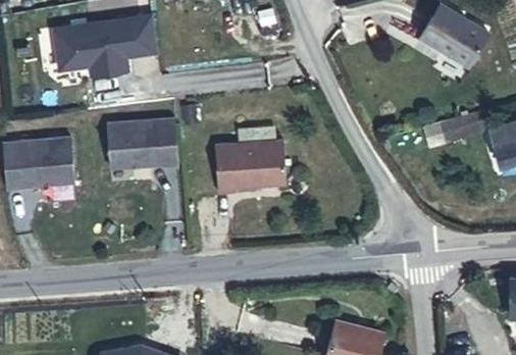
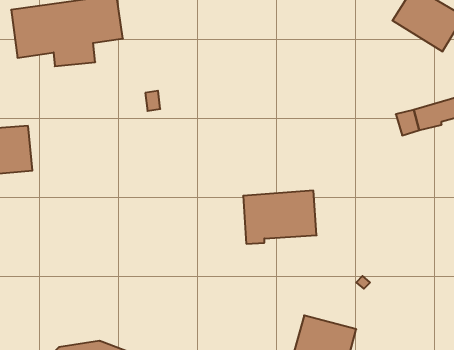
building: [106,119,177,167] -> none
building: [215,140,286,191] -> [243,191,317,244]

